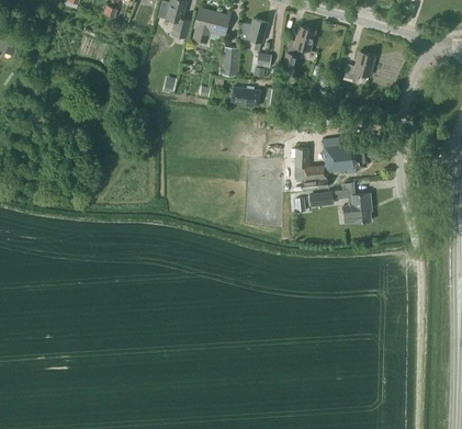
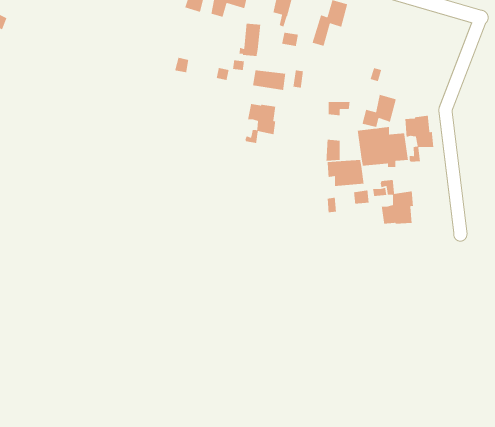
building: [343,50,374,80] -> [362,94,397,128]
building: none -> [245,103,276,144]
building: none -> [405,115,434,163]

